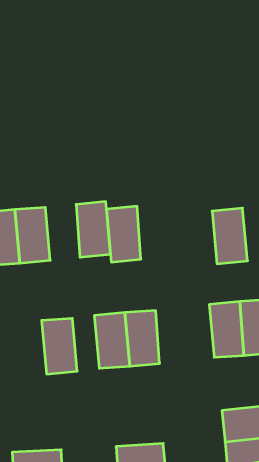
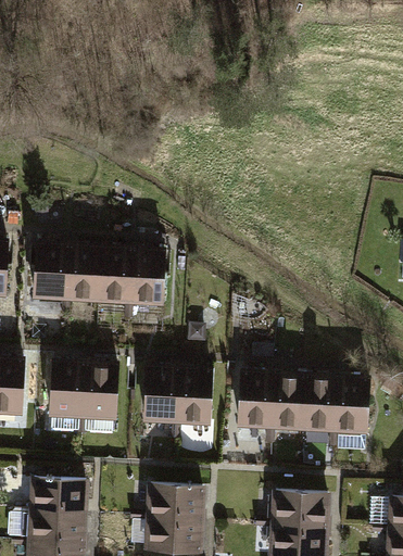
building: [106,206,141,262] -> [102,239,139,300]
building: [212,208,248,264] -> [237,370,274,431]
building: none -> [47,364,84,426]
building: none -> [149,482,205,520]
building: none -> [32,477,89,513]

